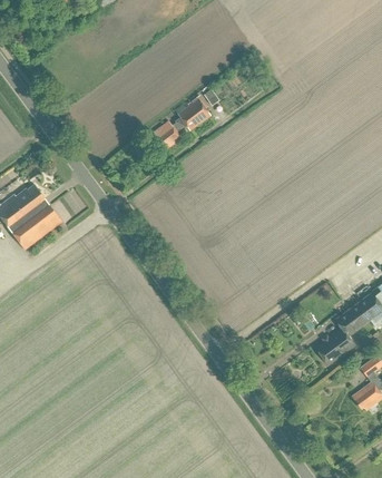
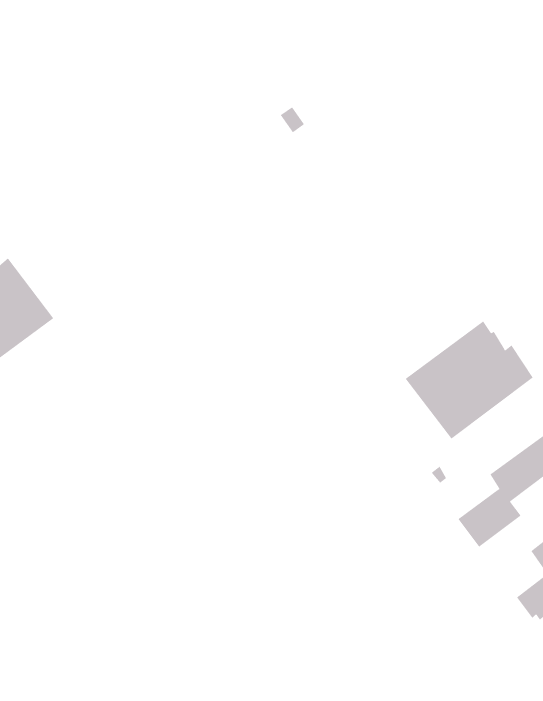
building: [149,98,209,149] -> none
building: none -> [405,320,534,439]

